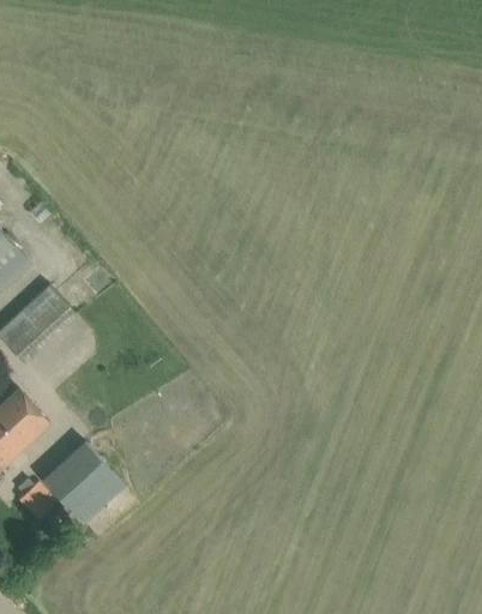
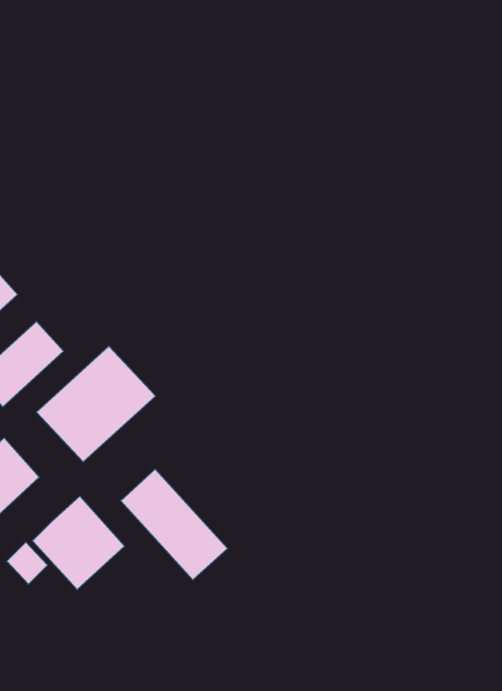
building: none -> [37,346,155,462]
building: none -> [121,469,227,580]

